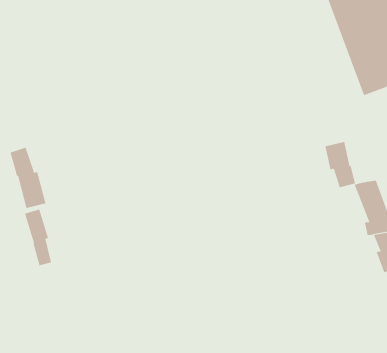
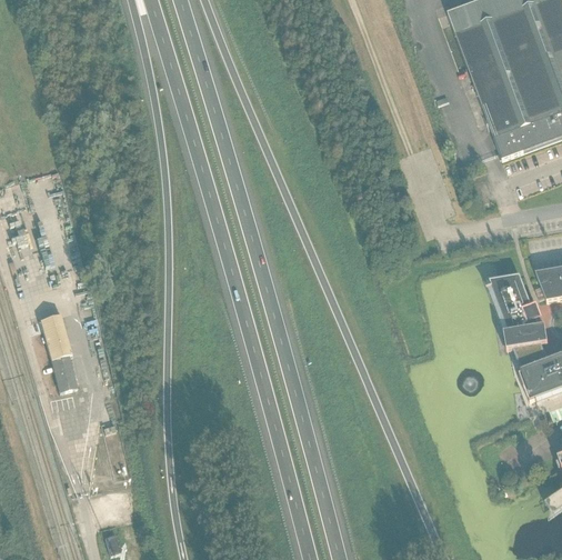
building: [325,141,356,188] -> none
building: [10,147,46,209] -> none

